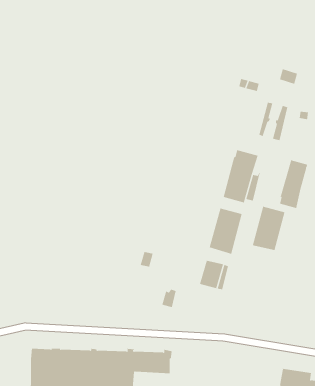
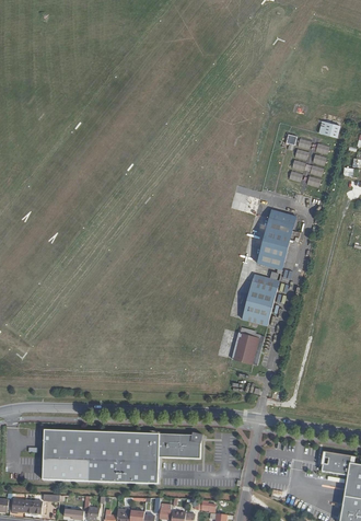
building: [279,160,308,209] -> none
building: [252,206,285,251] -> none

